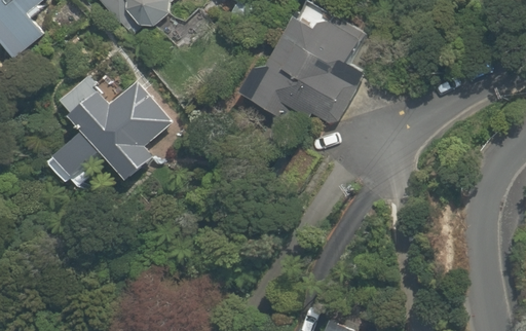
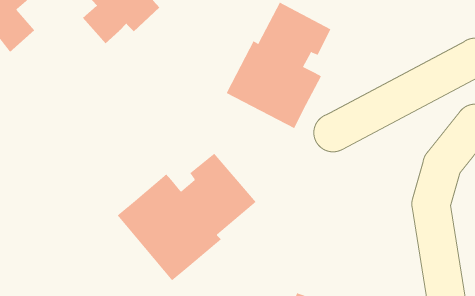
building: [49,79,173,182] -> none
building: none -> [117,153,256,281]

